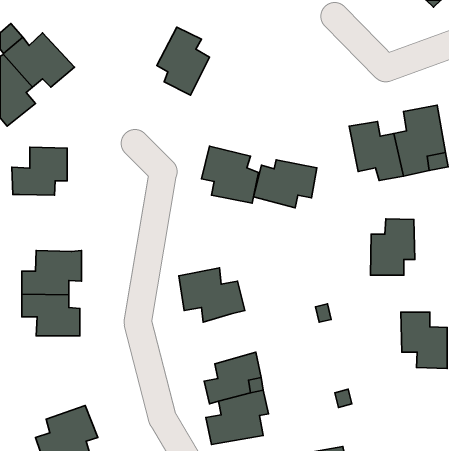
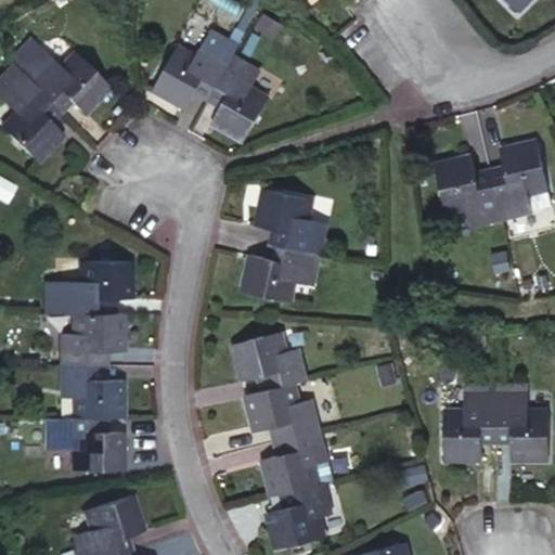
building: none -> [151,34,229,102]
building: [12,147,67,195] -> [52,258,118,315]
building: [253,160,317,208] -> [243,248,319,306]
building: [370,219,415,275] -> [444,387,498,454]
building: none -> [246,390,323,450]
building: none -> [44,416,115,470]

